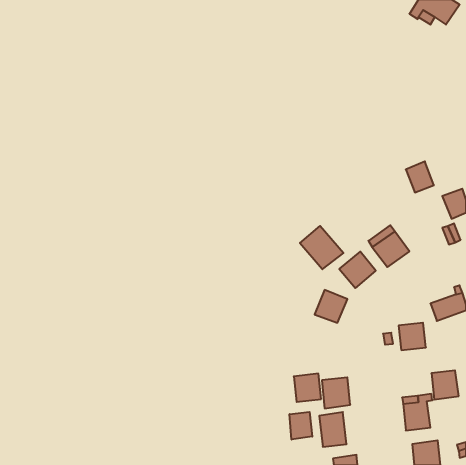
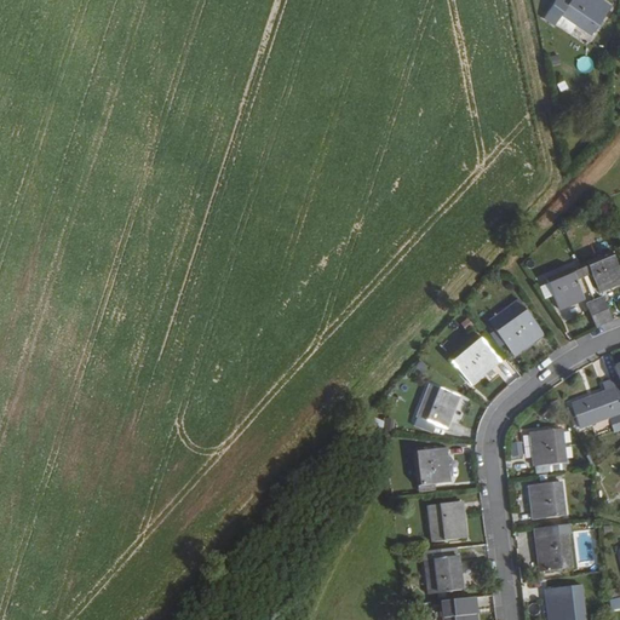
building: [406,161,434,192] -> [547,266,585,308]
building: [300,226,343,269] -> none
building: [431,370,459,400] -> [529,481,566,519]
building: [294,374,321,402] -> [414,447,450,484]
building: [290,412,312,440] -> none

